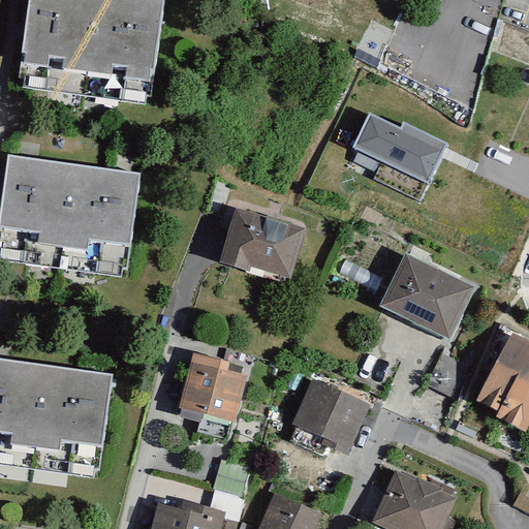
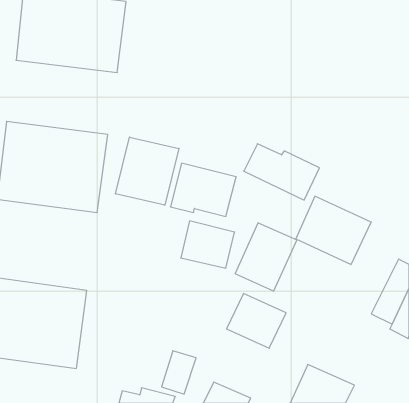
building: [350,103,447,176] -> [244,144,319,200]
building: none -> [115,137,179,205]
building: none -> [235,223,297,291]
building: [178,361,247,422] -> [181,221,235,268]

